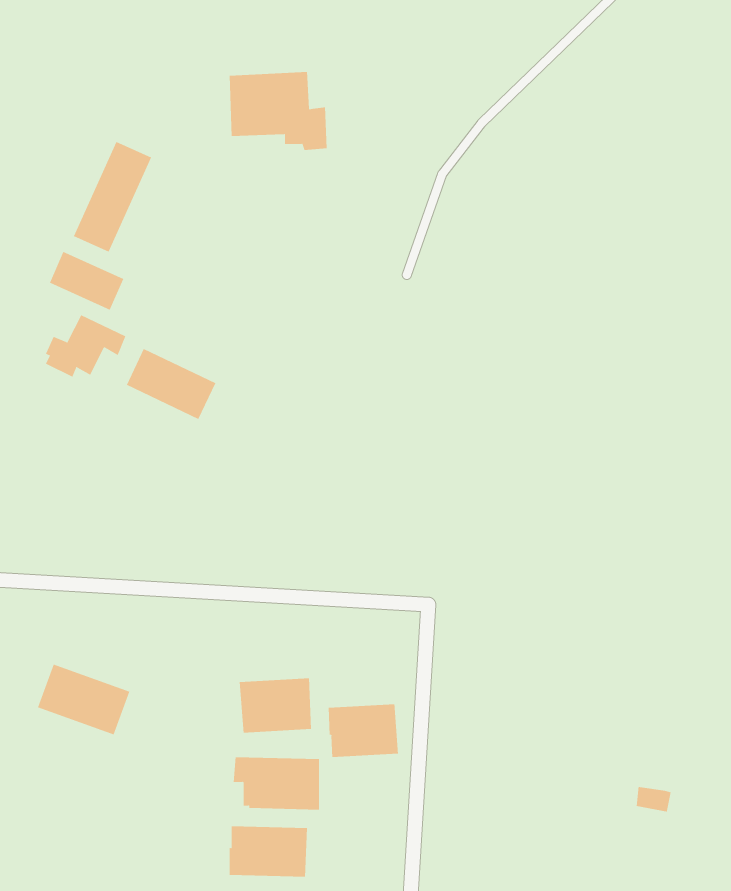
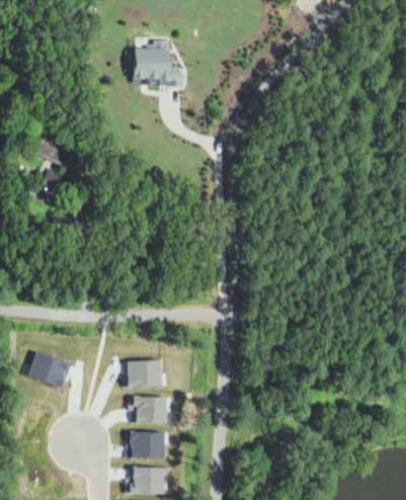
building: [73,141,152,253] -> none
building: [126,348,216,420] -> none
building: [328,703,398,758] -> none

